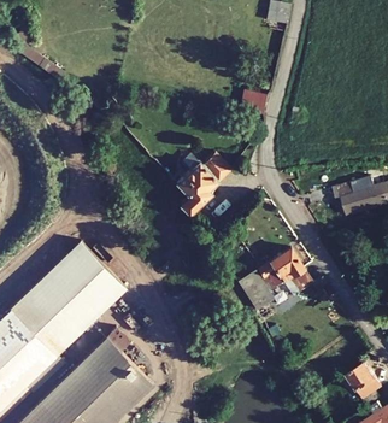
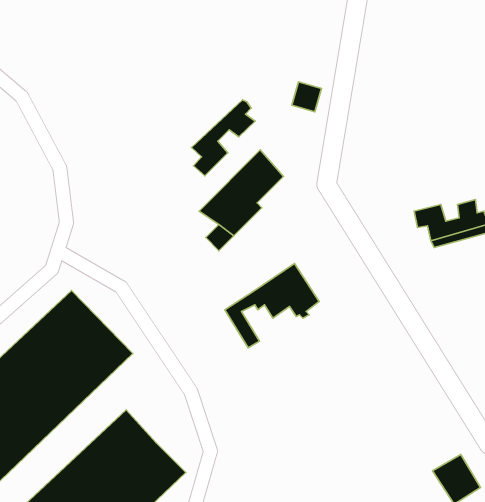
building: none -> [192,100,255,176]
building: [237,249,306,311] -> [225,263,319,348]

